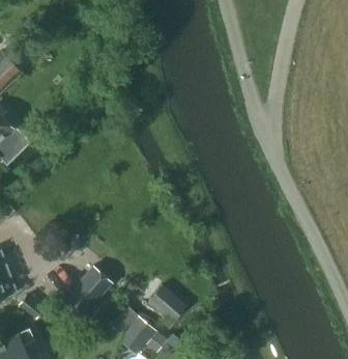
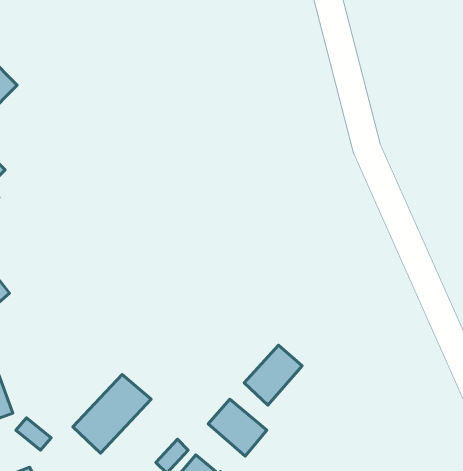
building: none -> [244,345,302,405]

